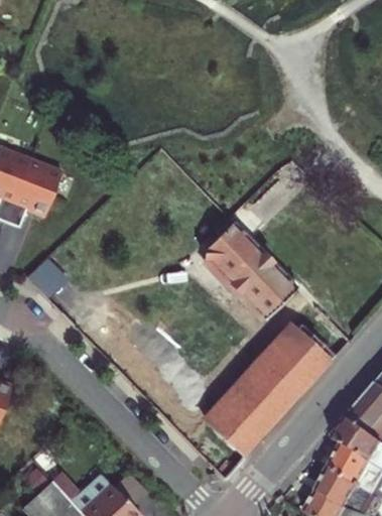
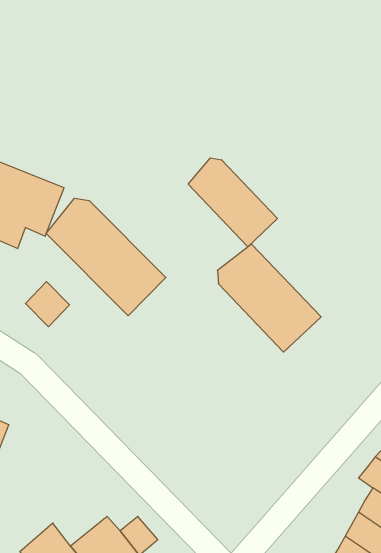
building: none -> [188,158,277,247]
building: none -> [46,198,166,316]
building: [203,330,326,462] -> none

